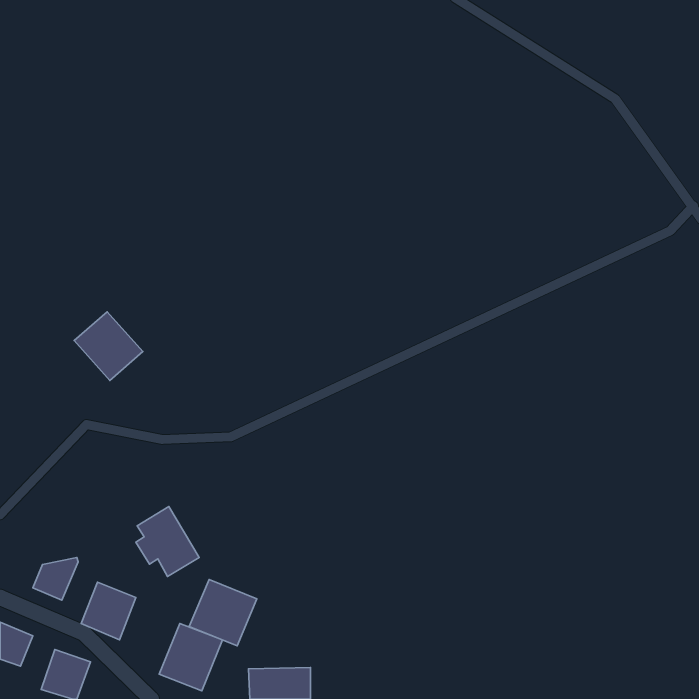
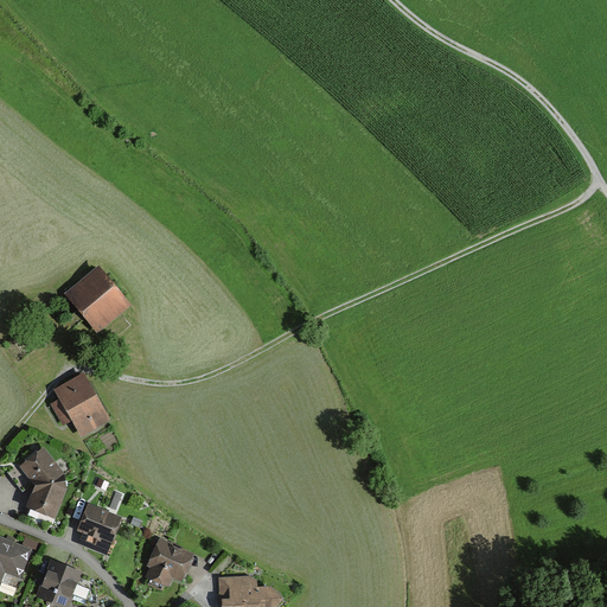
building: [136,507,199,577] -> [52,373,107,434]
building: none -> [24,449,69,487]
building: [189,579,257,646] -> none

